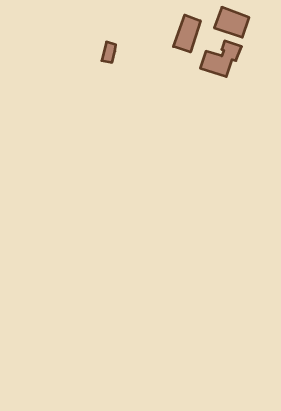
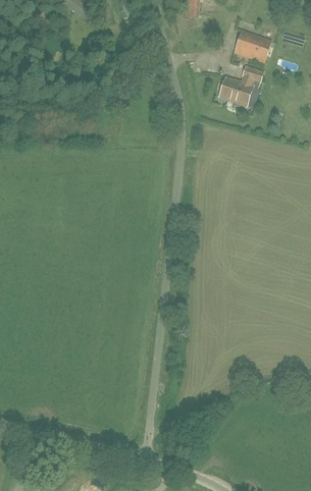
building: [173,15,200,52] -> none

